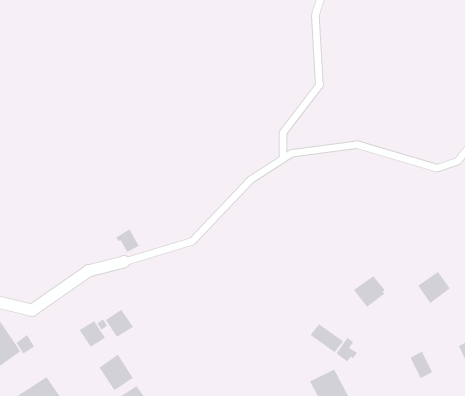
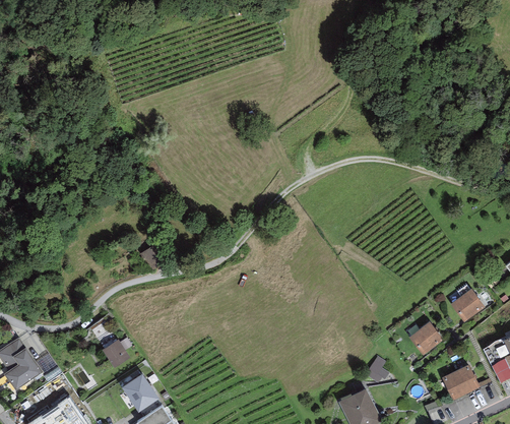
building: [353,275,386,308] -> [408,321,442,355]
building: [105,309,134,338] -> none
building: [309,323,344,353] -> none
building: none -> [455,364,480,392]

